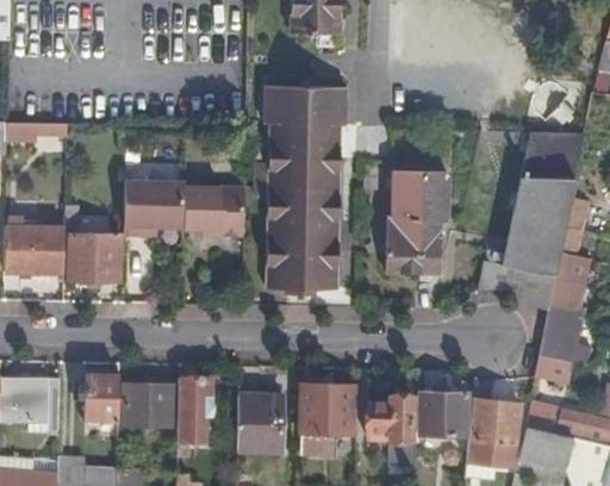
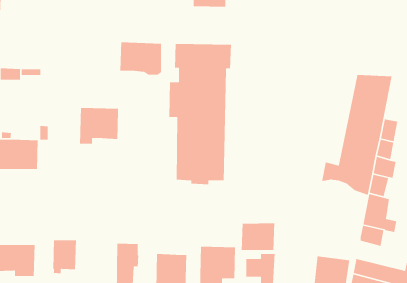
building: [386,173,448,273] -> none
building: [181,185,243,235] -> [120,42,162,76]
building: [68,235,122,280] -> none
building: [124,384,173,425] -> none
building: [419,391,469,432] -> [241,222,275,251]

